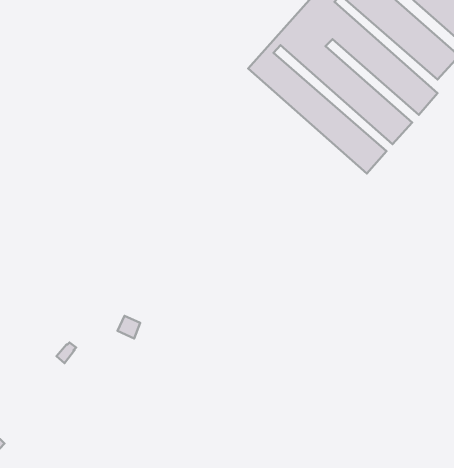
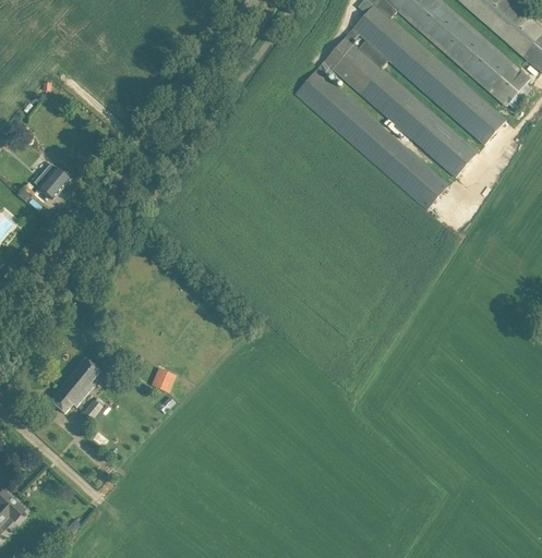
building: none -> [38,167,69,198]
building: none -> [49,357,98,413]

